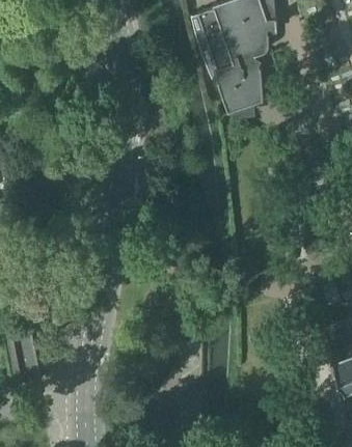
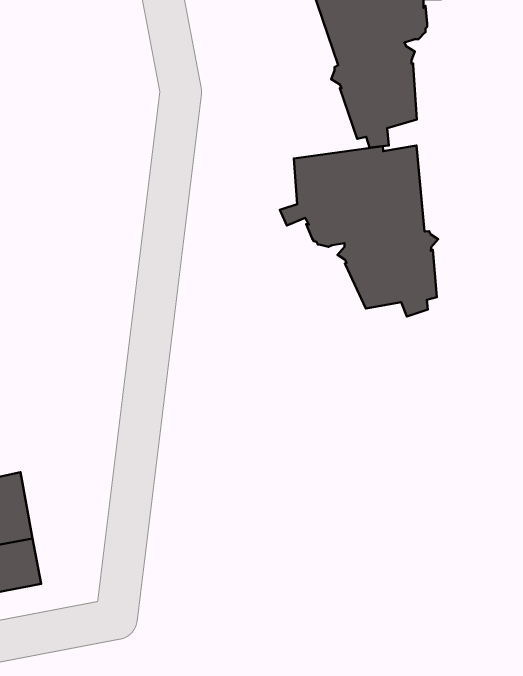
building: none -> [280,145,438,317]

